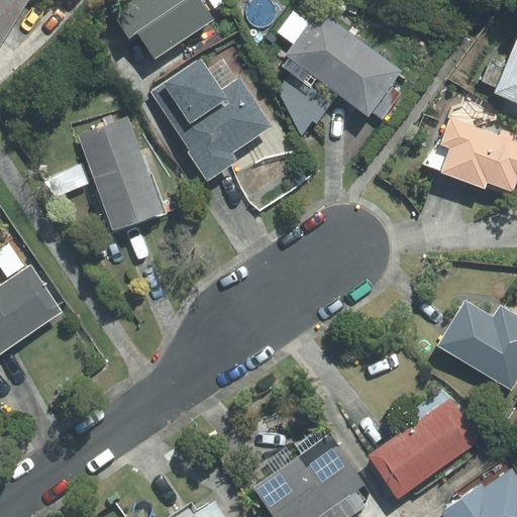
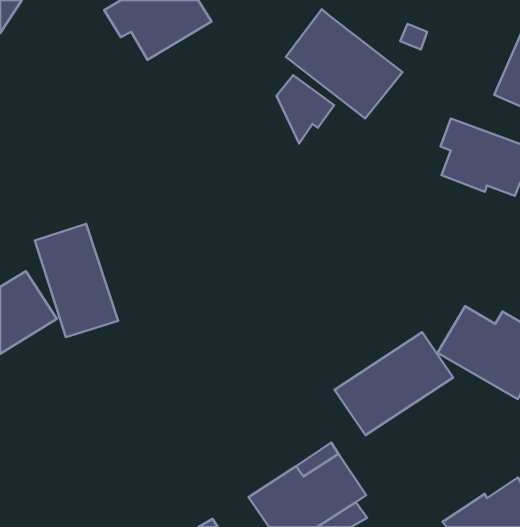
building: [153,59,273,179] -> none
building: [80,118,162,229] -> [35,224,118,337]
building: [365,397,481,498] -> [335,332,453,435]

